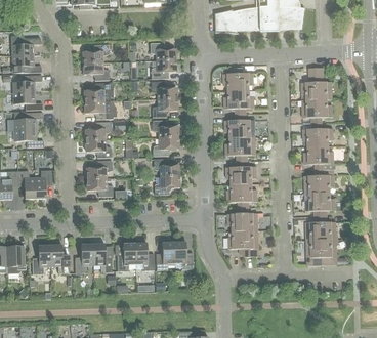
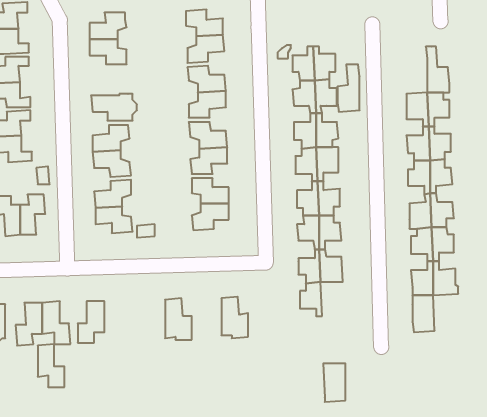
building: [301,67,317,99] -> [337,64,360,112]
building: [84,82,114,100] -> none
building: [243,229,258,256] -> [323,363,345,402]
building: [321,238,338,263] -> none
building: [156,241,174,268] -> none
building: [93,242,112,271] -> [38,344,64,387]
building: [117,242,135,270] -> none

